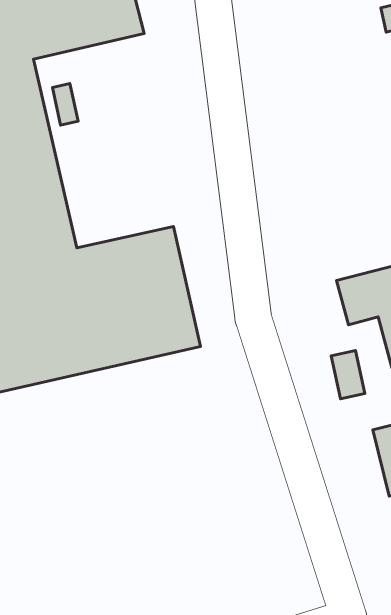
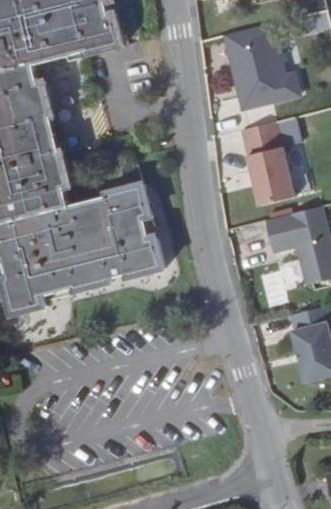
building: none -> [223,23,292,109]
building: none -> [242,128,296,206]

